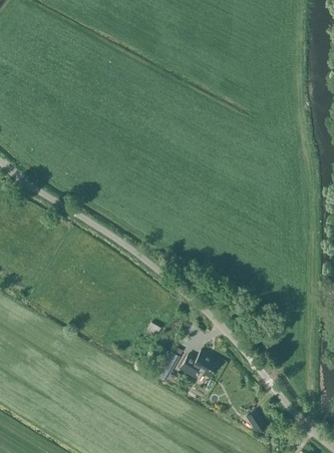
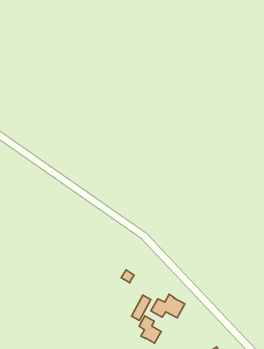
building: none -> [139,316,161,343]

